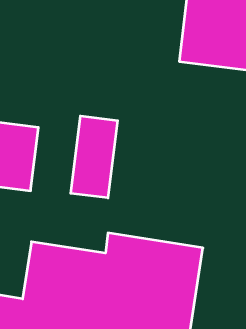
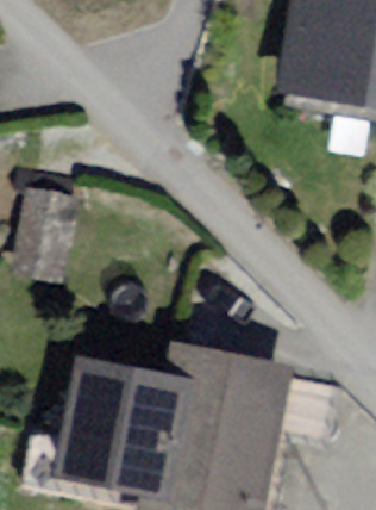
building: [71,116,118,198] -> none

